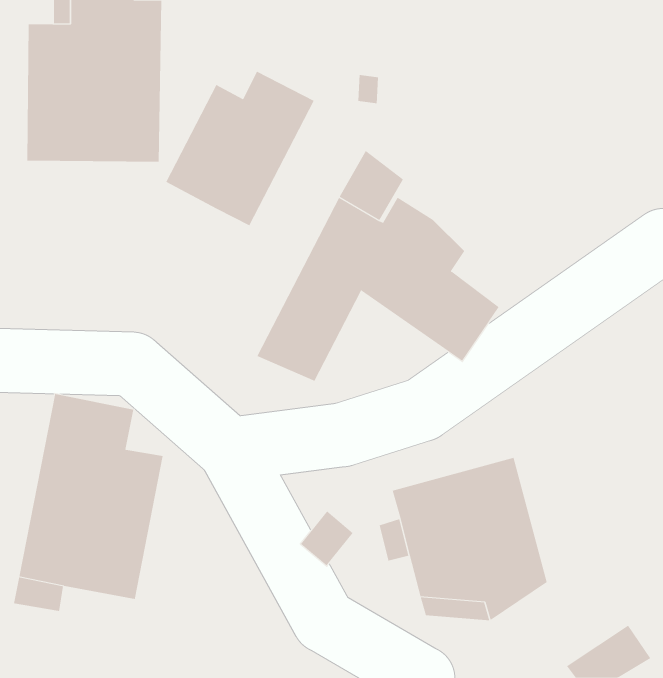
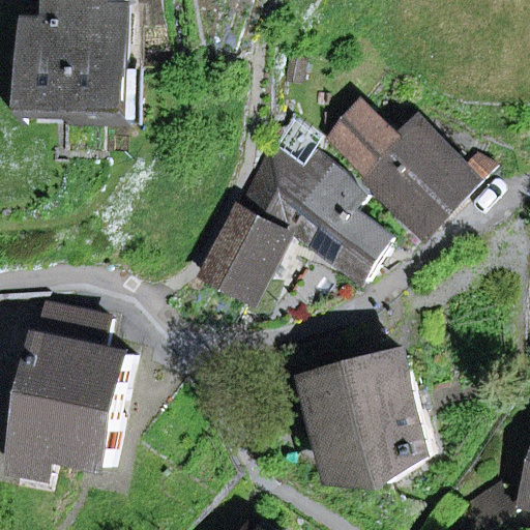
building: [165,71,314,226] -> none
building: none -> [324,105,489,227]

